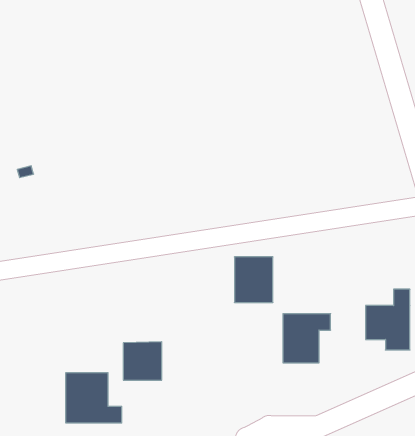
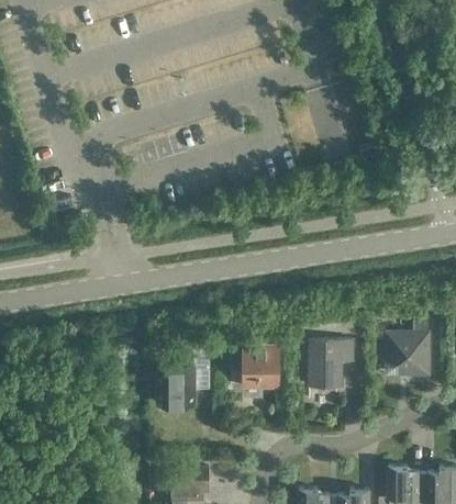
building: [234,257,273,302] -> [243,345,279,388]
building: [66,373,122,423] -> none

